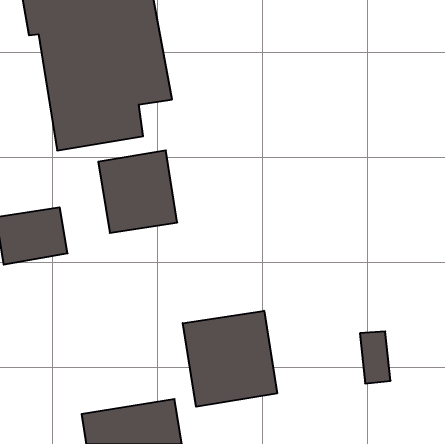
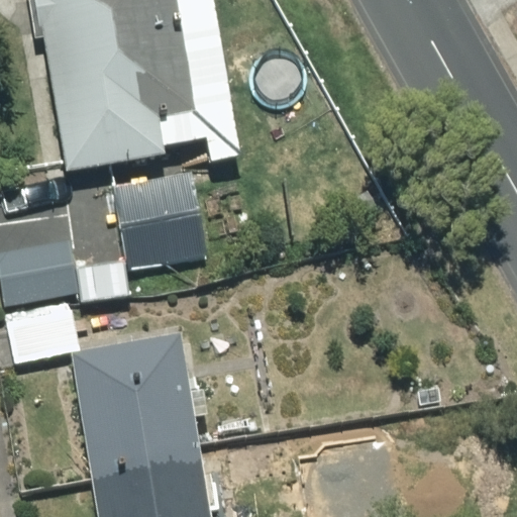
building: none -> [74,337,200,474]
building: [183,311,277,407] -> none

